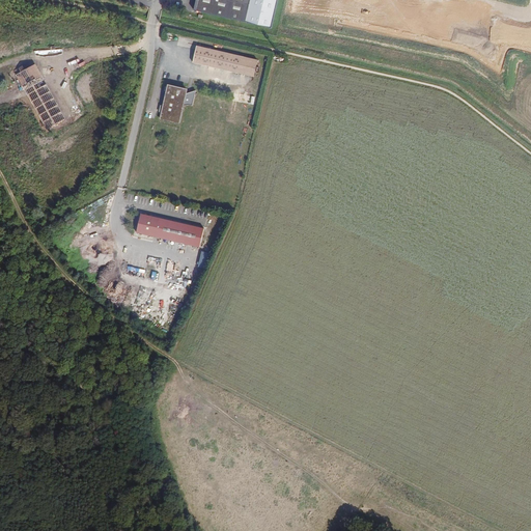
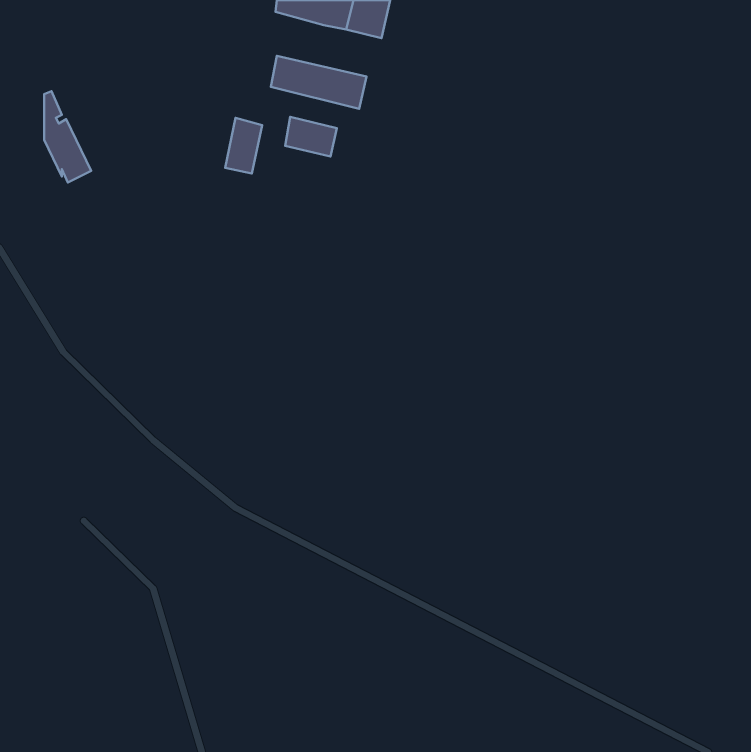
building: none -> [285,117,337,156]
building: [136,215,203,247] -> none

